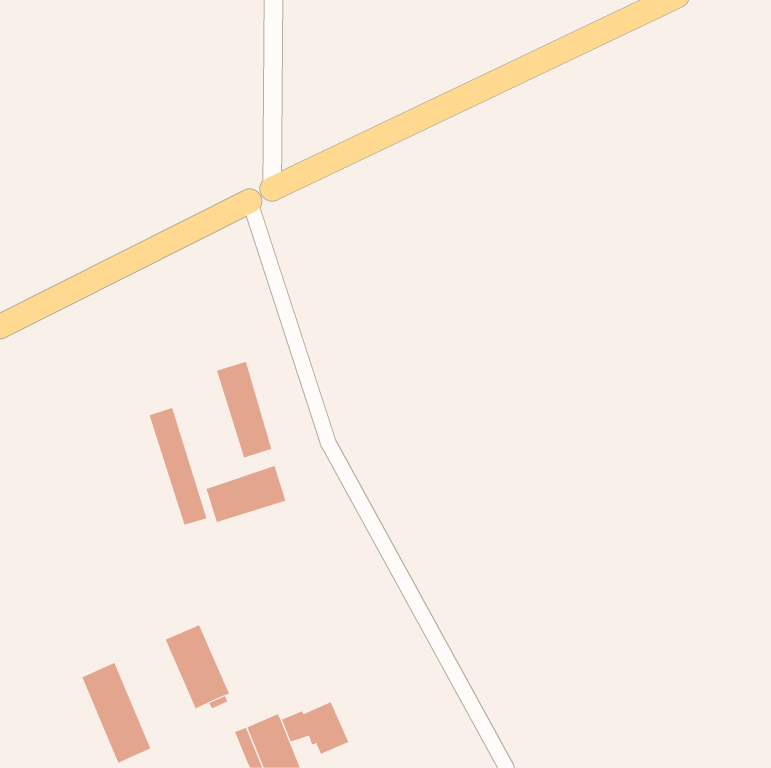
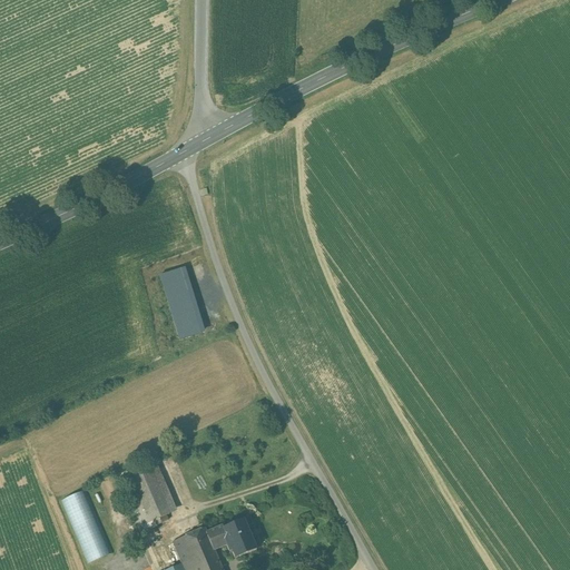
building: [149,407,207,526] -> none
building: [206,465,286,523] -> none

